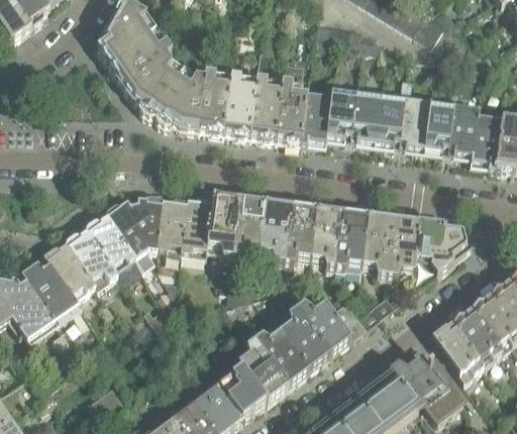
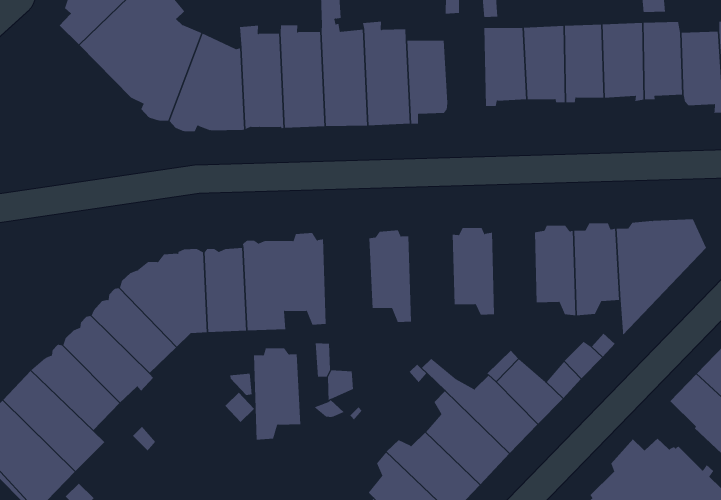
building: [326,88,355,139] -> none
building: [229,201,264,257] -> [253,348,301,440]
building: [282,208,315,264] -> none
building: [333,215,366,268] -> none

